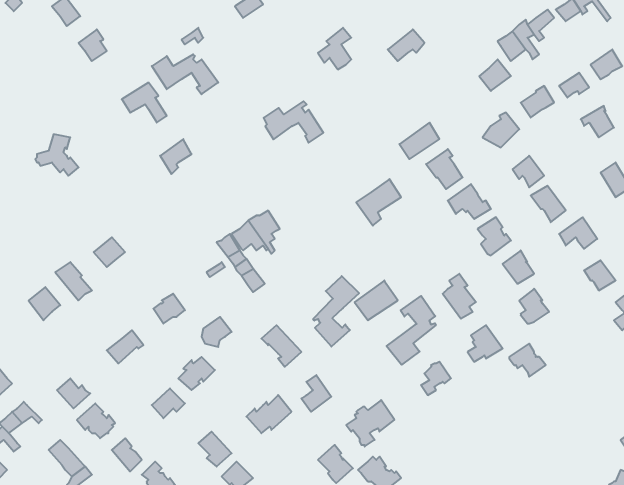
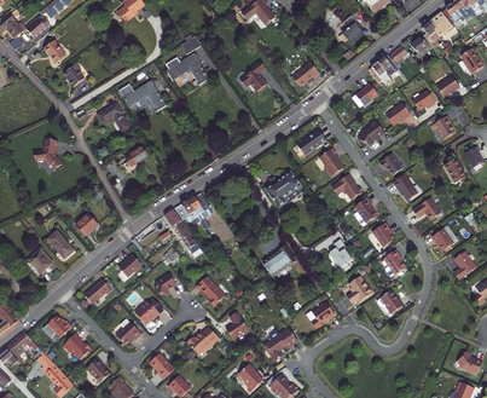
building: [264,101,323,143] -> [161,52,204,82]
building: [313,276,359,347] -> none
building: [387,296,436,365] -> none

